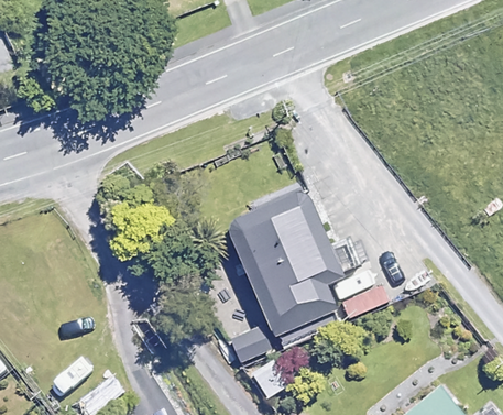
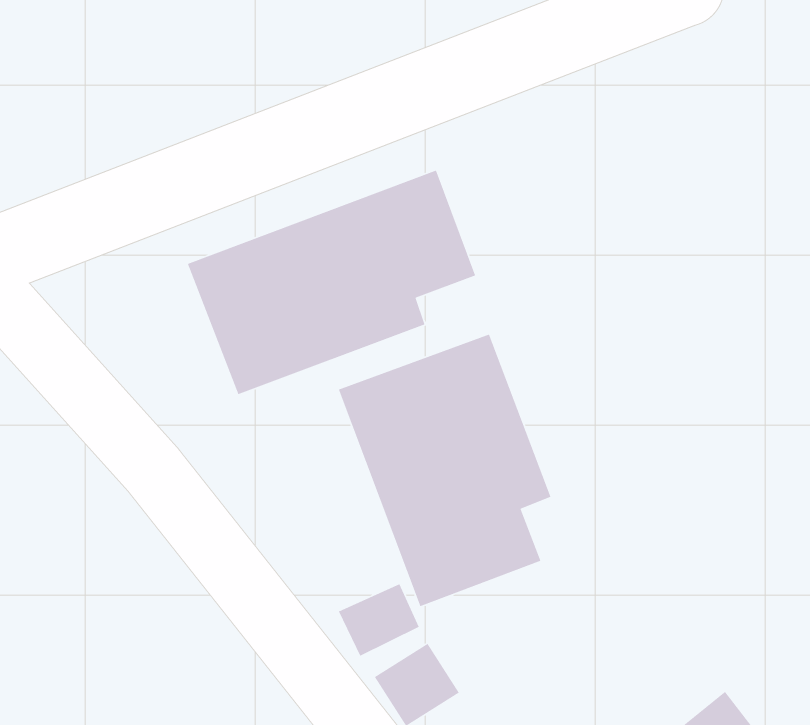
building: none -> [187,170,476,395]

